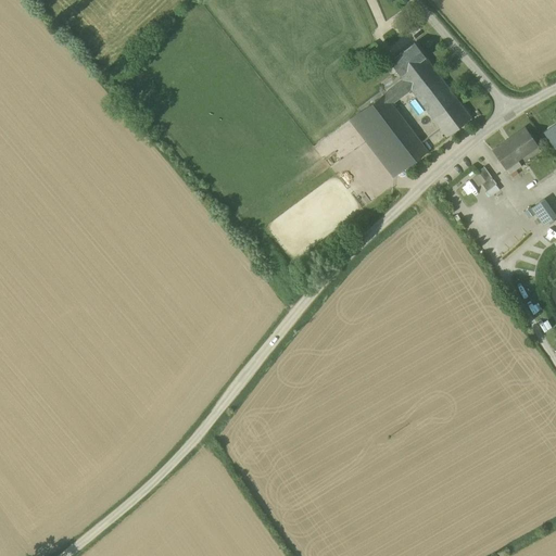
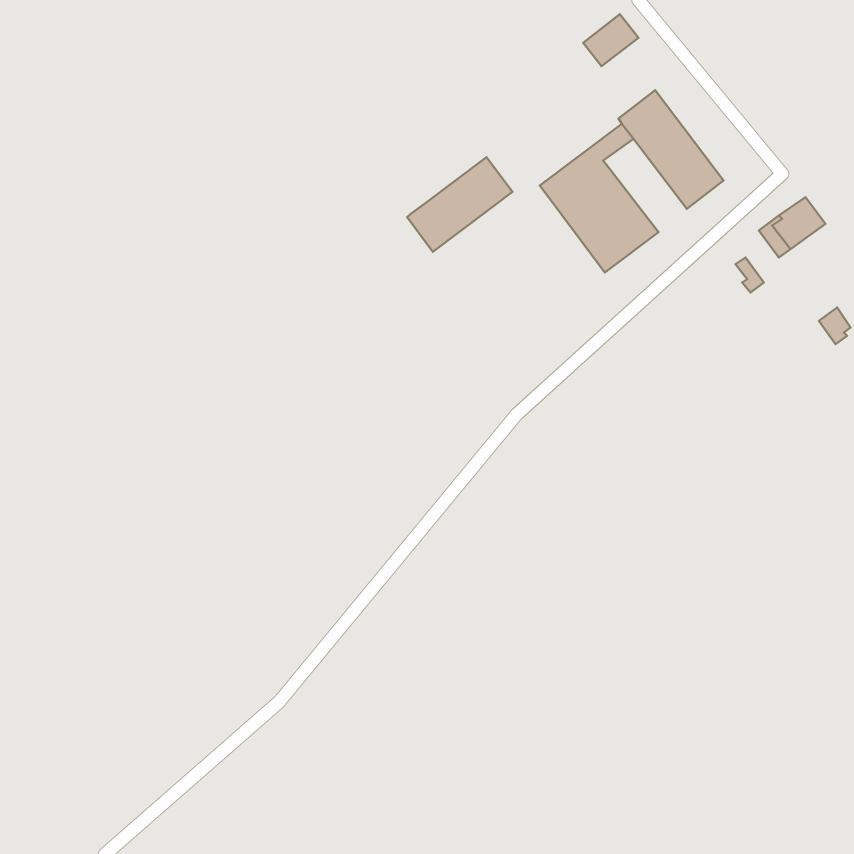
building: [390,43,426,77] -> [583,14,638,66]
building: none -> [407,157,512,252]

